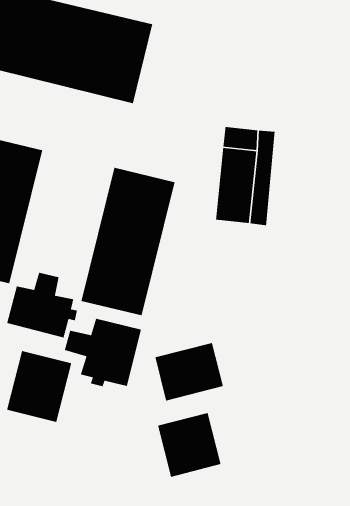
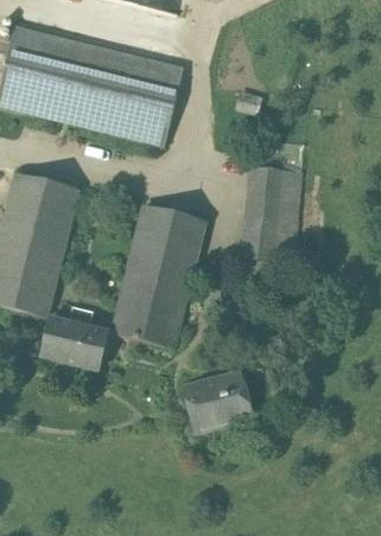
building: [64,318,142,387] -> none
building: [6,350,72,423] -> none
building: [157,412,222,478] -> none

